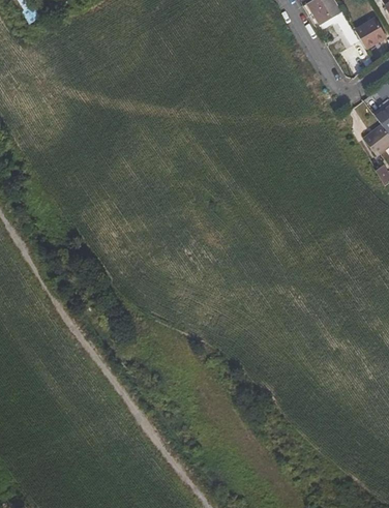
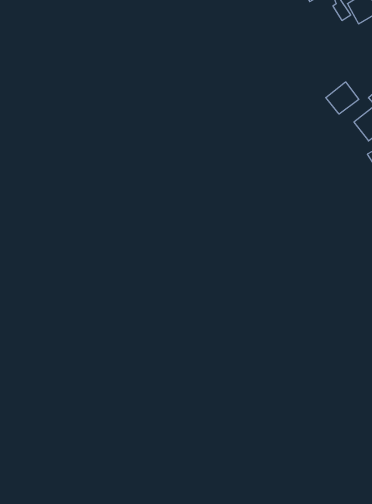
building: none -> [326,82,359,114]

